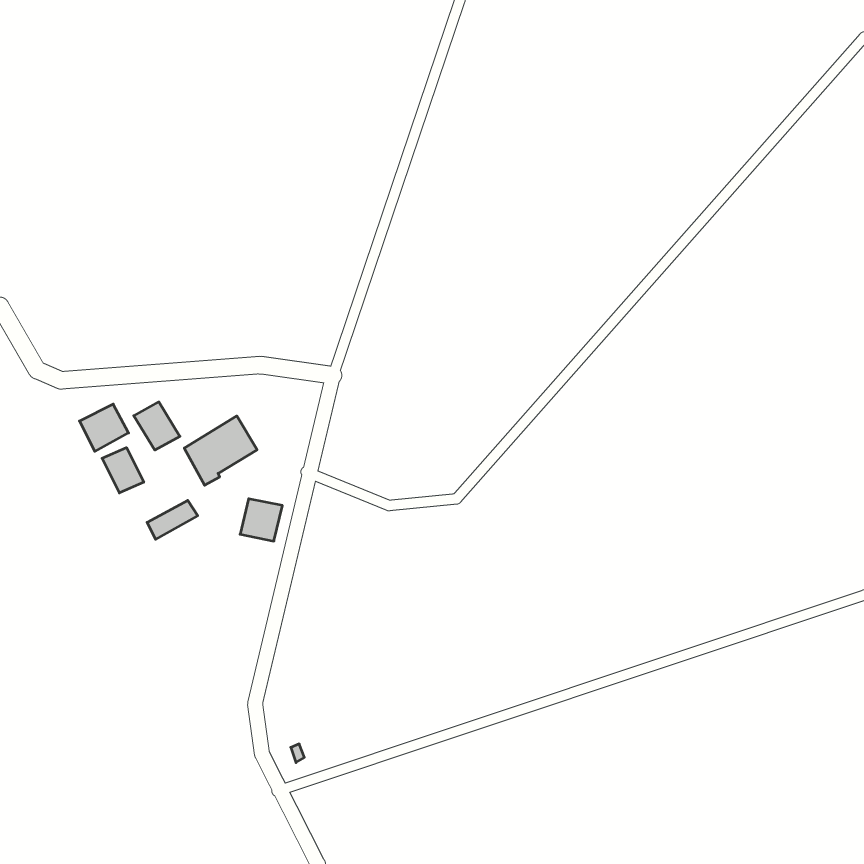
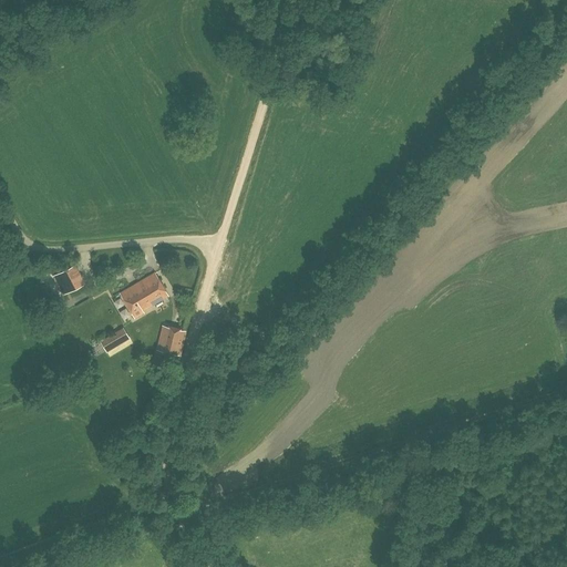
building: [134,402,180,450] -> none
building: [102,448,144,493] -> none

